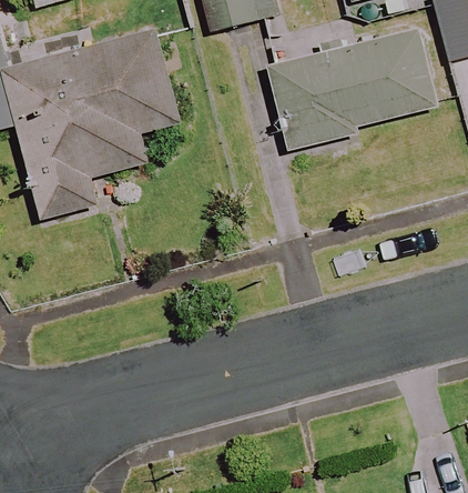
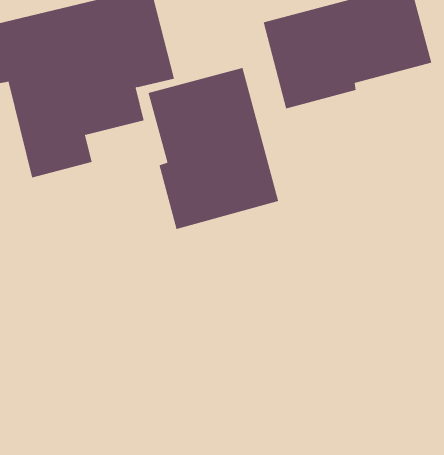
building: none -> [148,67,279,230]

